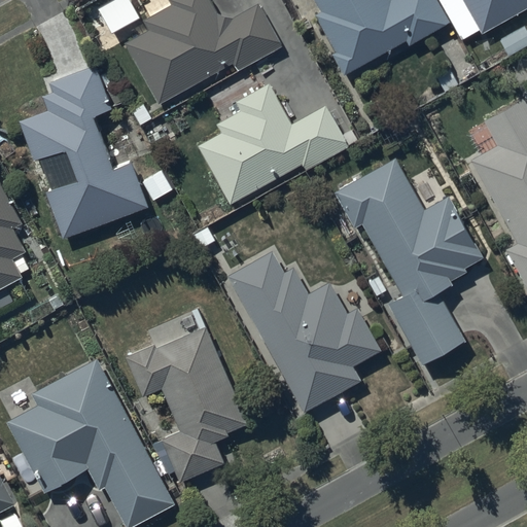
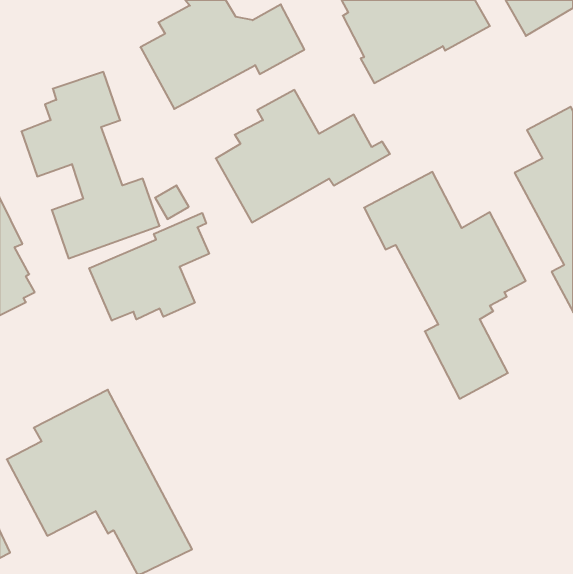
building: none -> [89,213,209,321]
building: [227,249,380,412] -> none
building: [125,325,248,481] -> none

